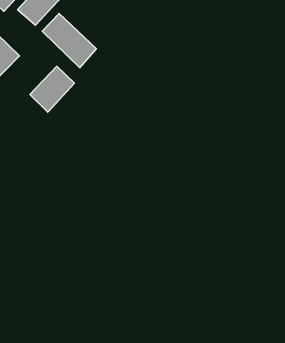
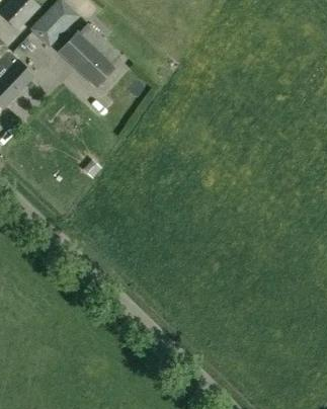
building: [30,66,74,112] -> none

